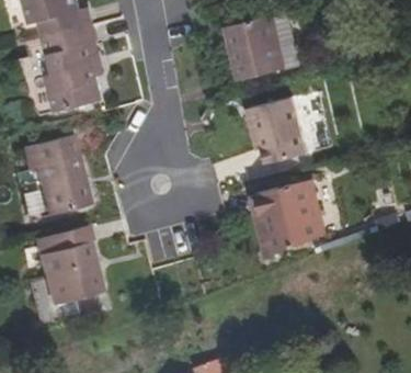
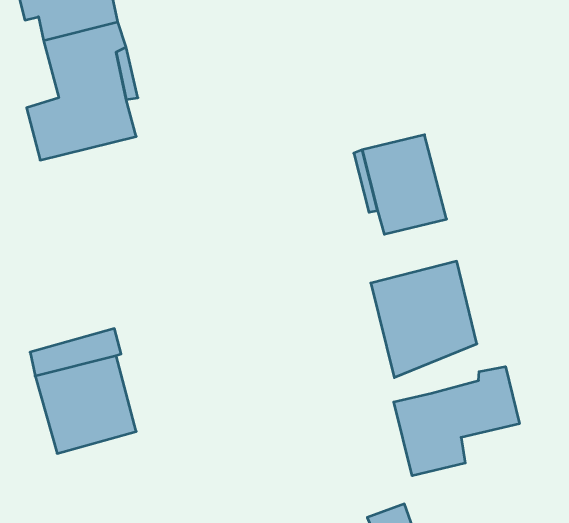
building: [226,14,289,78] -> none
building: [22,134,89,214] -> none
building: none -> [394,367,519,476]

